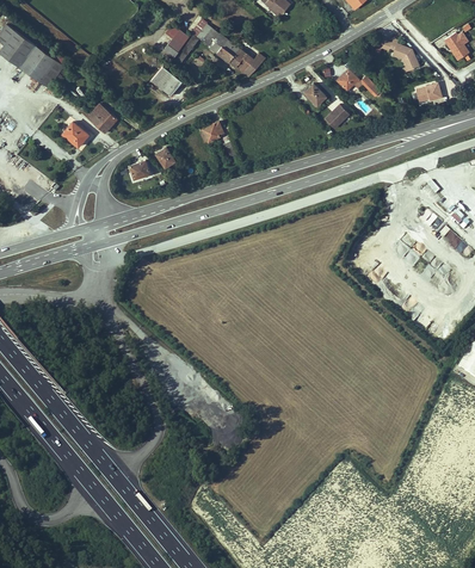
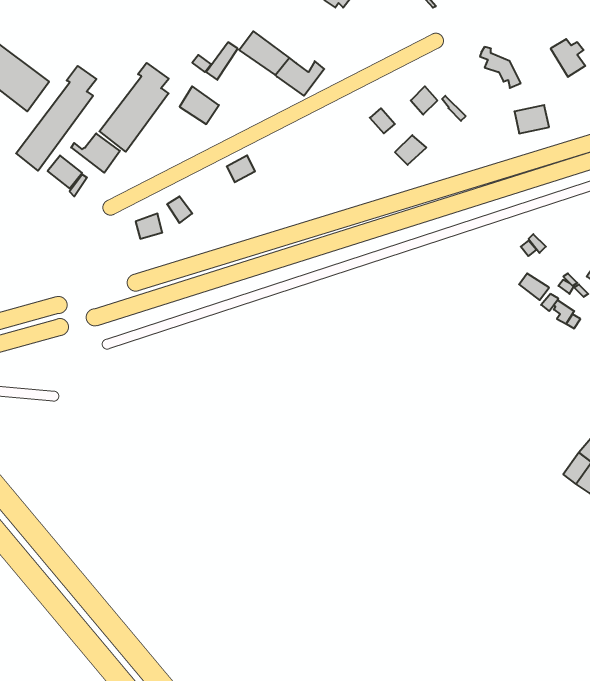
building: none -> [99,63,169,152]
building: none -> [16,66,96,171]

